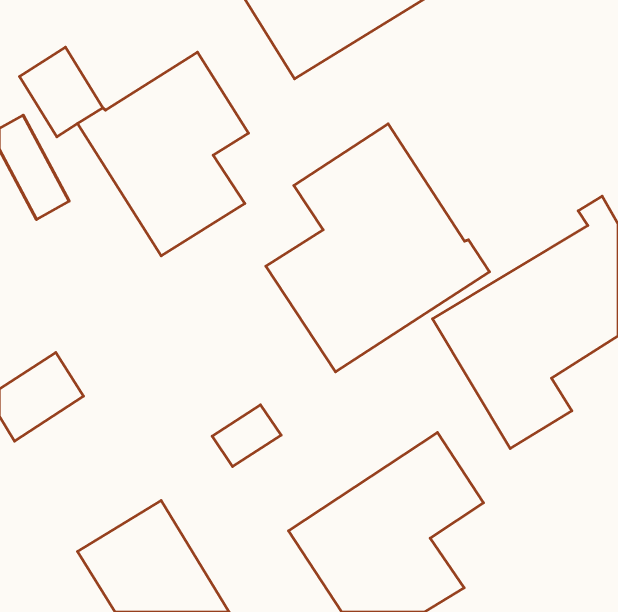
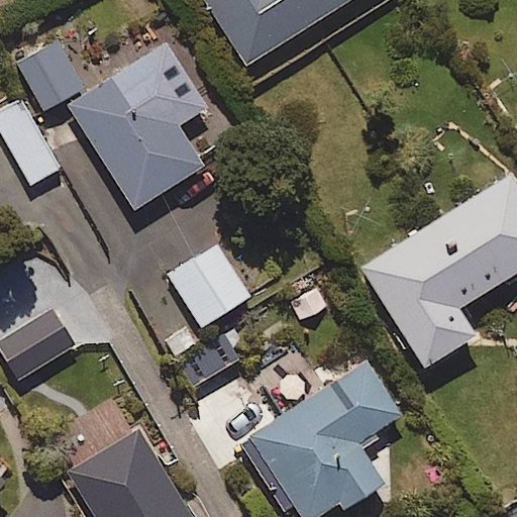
building: [266,124,490,372] -> none
building: none -> [166,241,250,329]

